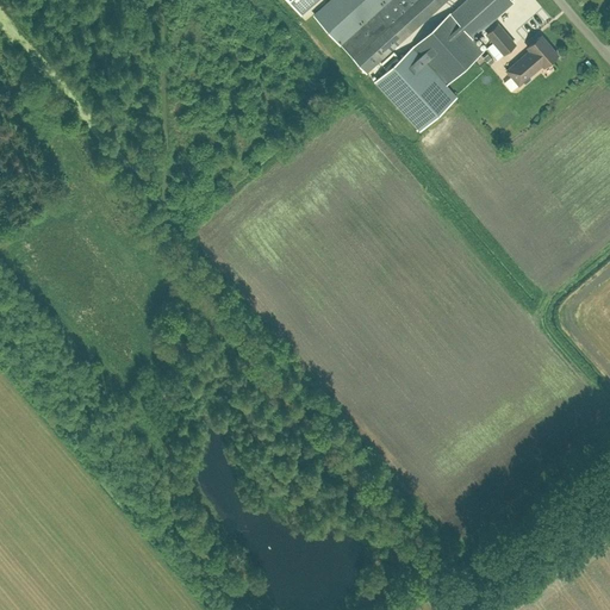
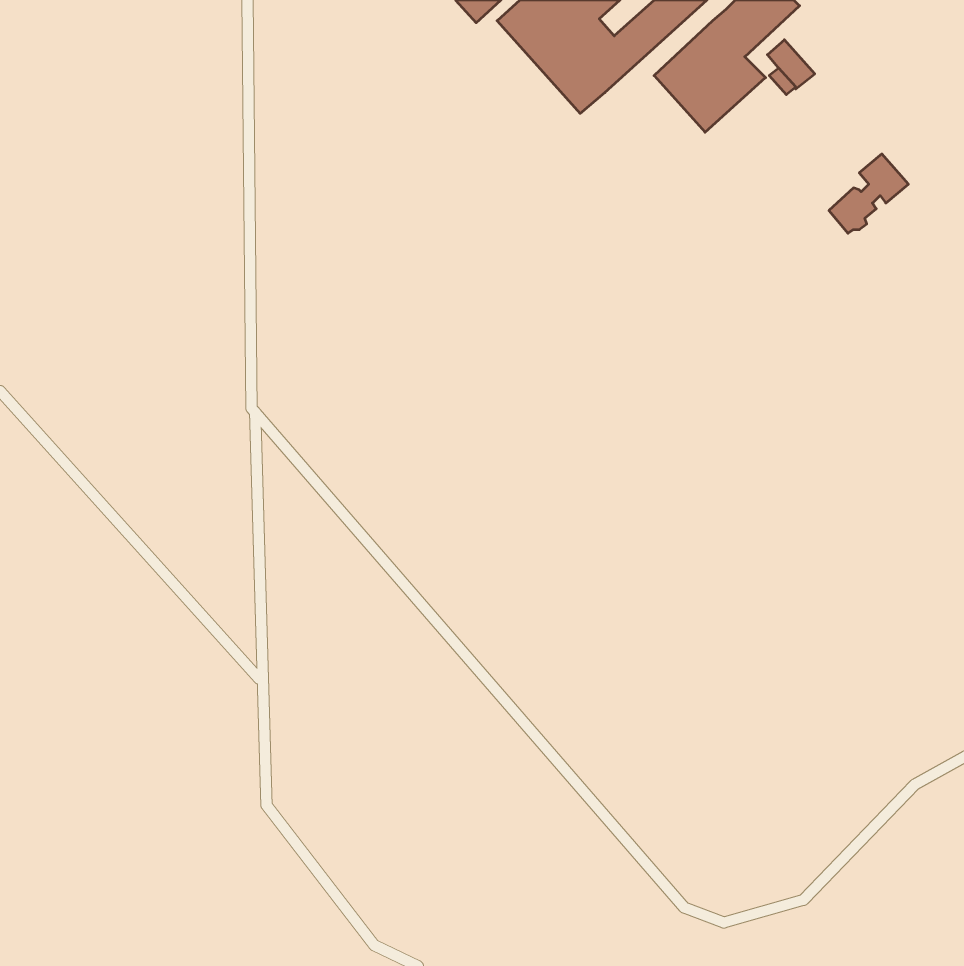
building: [509,35,559,85] -> [829,154,908,233]
building: [374,46,458,131] -> none

